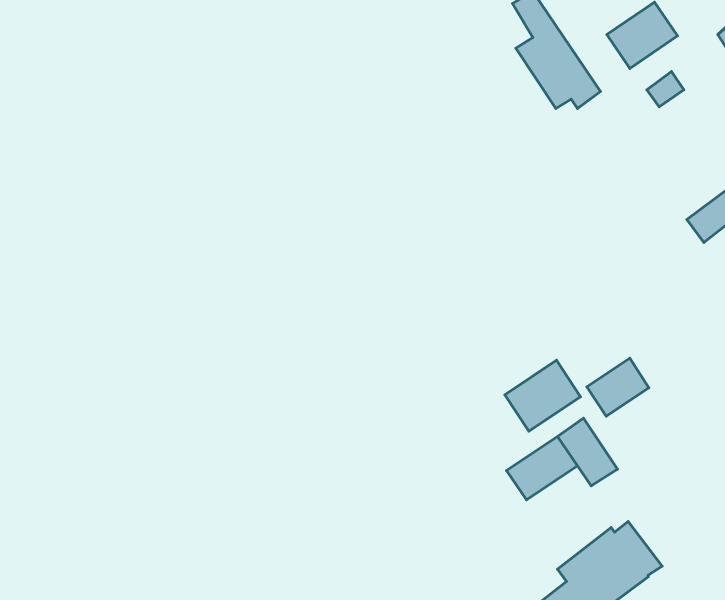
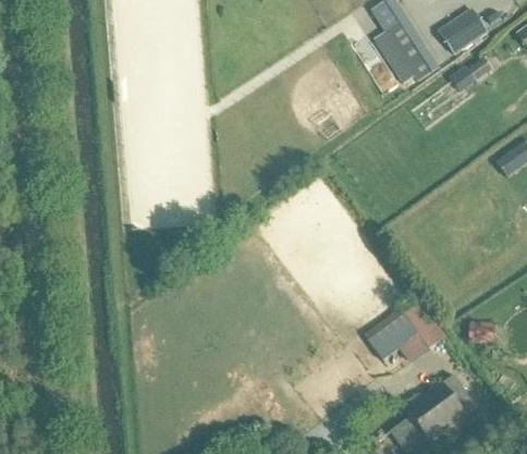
building: [587,358,649,416] -> none
building: [505,360,581,431] -> none

